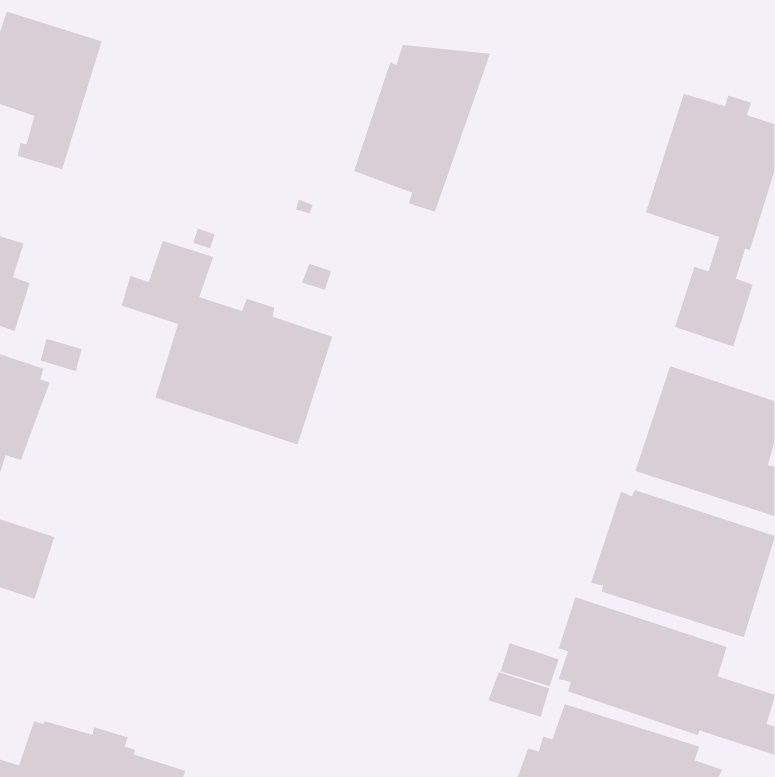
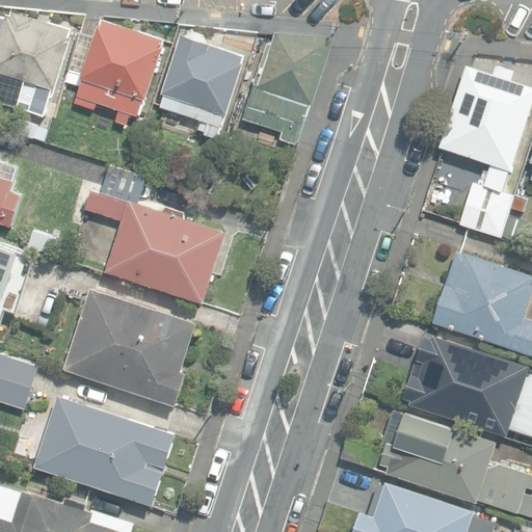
building: none -> [62,21,162,117]
building: none -> [158,32,243,140]
building: none -> [62,288,196,406]
building: none -> [32,397,175,506]

